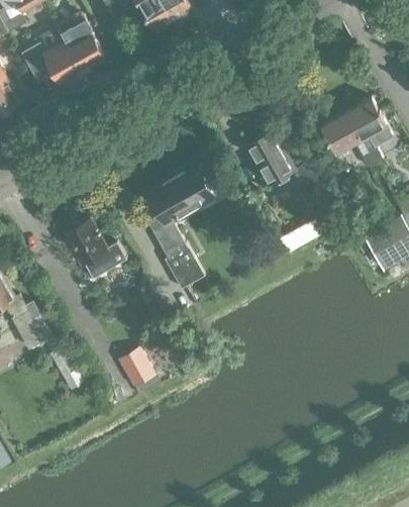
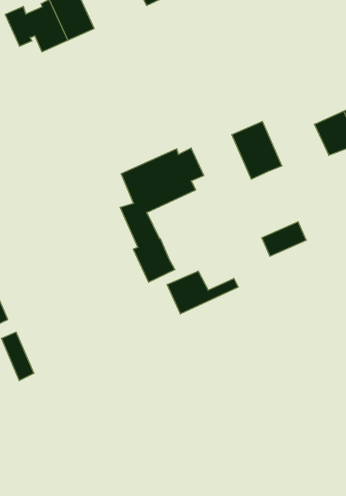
building: [67,219,126,278] -> none
building: none -> [167,271,238,314]
building: [117,346,157,387] -> none

